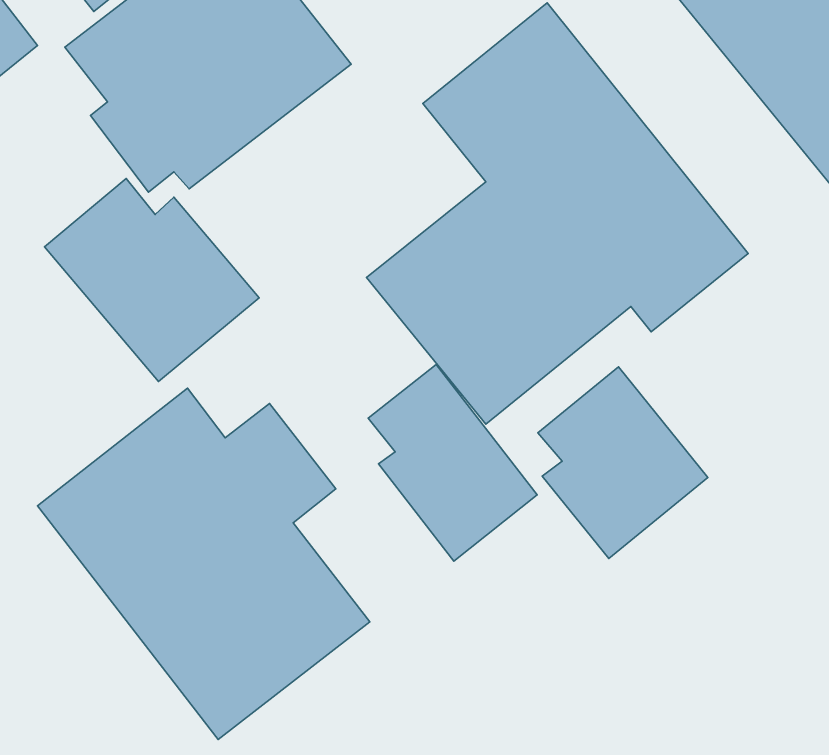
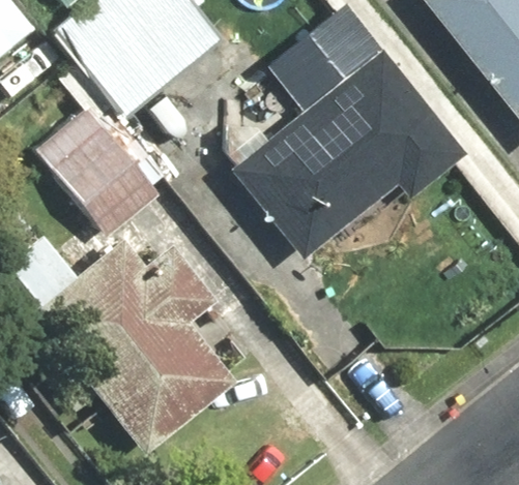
building: [368,365,537,561] -> none
building: [538,367,708,559] -> none

